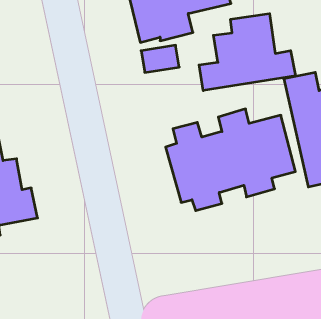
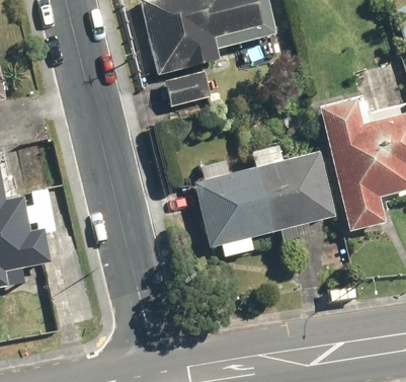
building: [199,14,295,91] -> none

